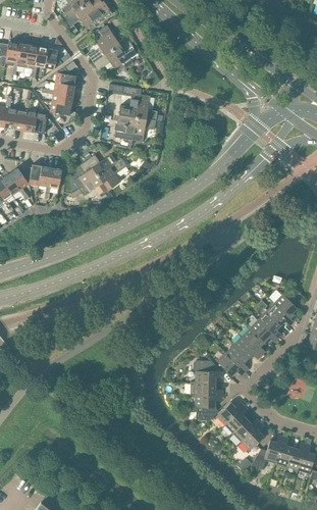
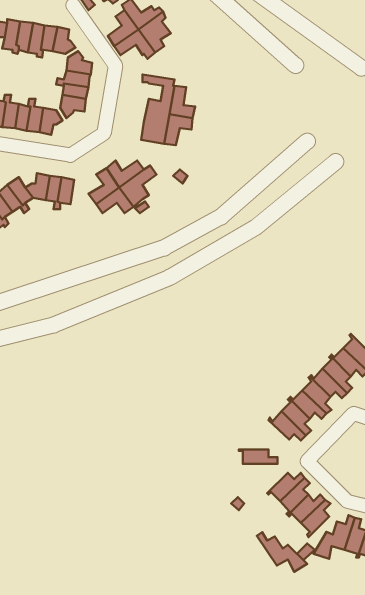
building: [192,360,222,384] -> none
building: [192,395,222,420] -> none
building: none -> [257,532,307,572]

